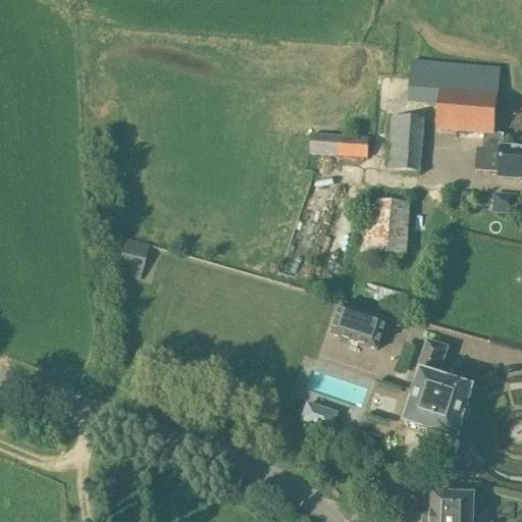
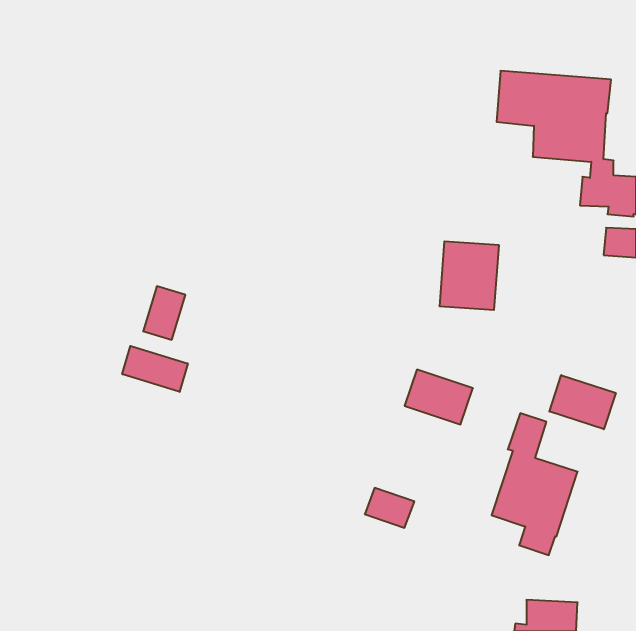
building: [386,113,424,170] -> none
building: [310,133,369,155] -> none
building: none -> [122,346,188,392]
building: none -> [549,375,616,429]

